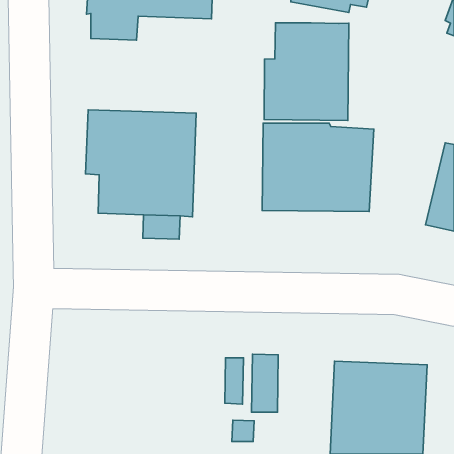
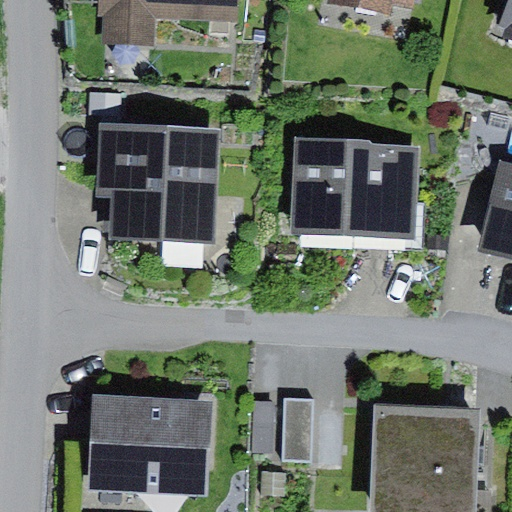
building: [264,23,349,120] -> none
building: none -> [88,395,212,496]

